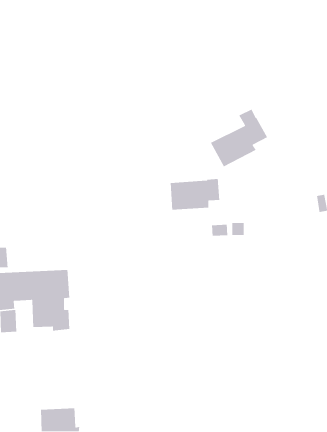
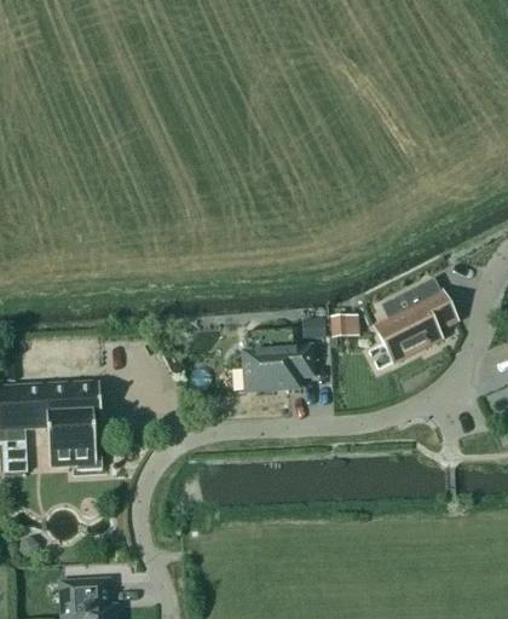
building: [210,108,268,167] -> [373,278,455,361]
building: [170,178,220,211] -> [241,345,312,391]

